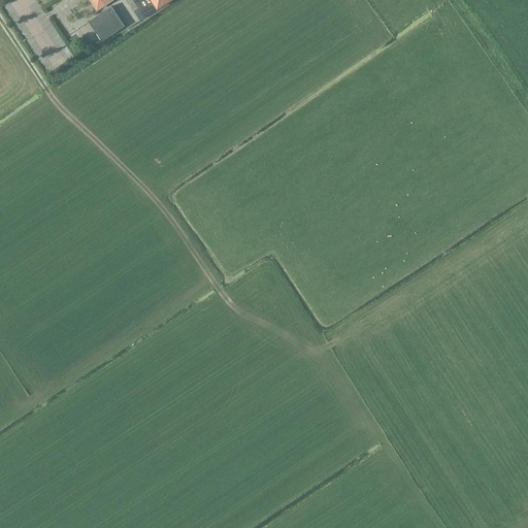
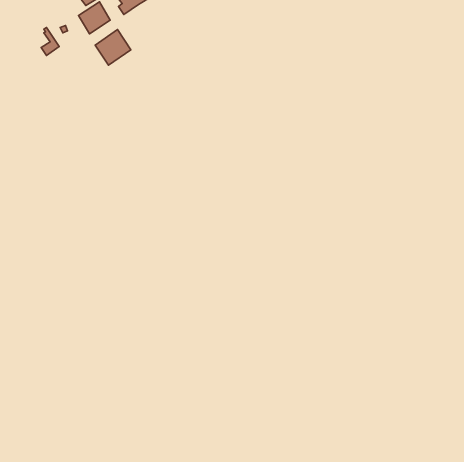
building: none -> [95,30,131,65]

